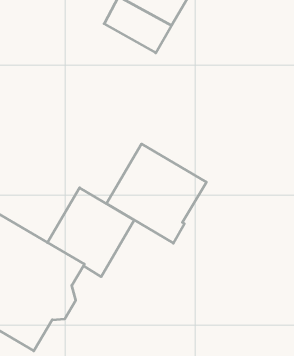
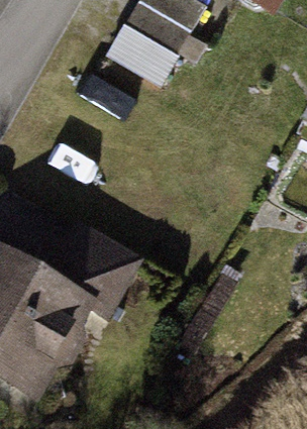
building: [106,144,206,243] -> none

